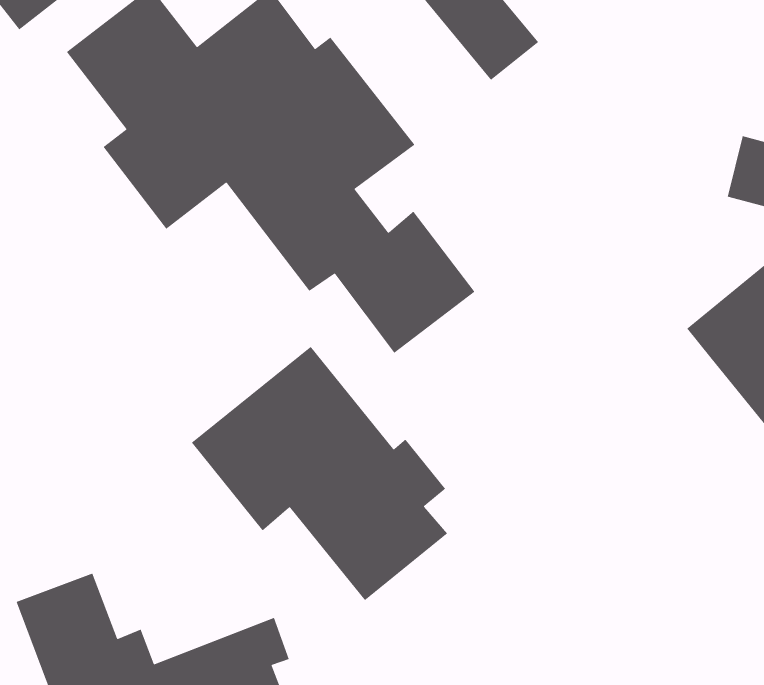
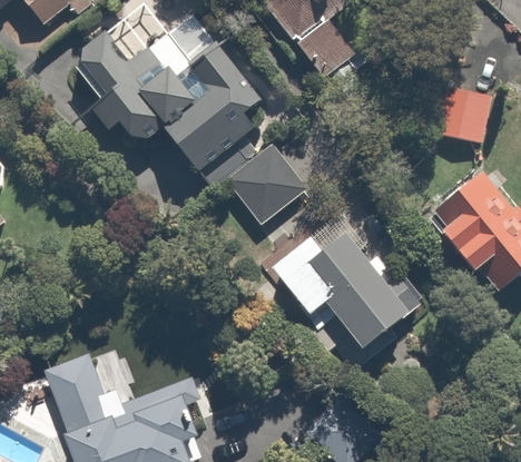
building: [191,346,448,601] -> [273,210,421,357]

